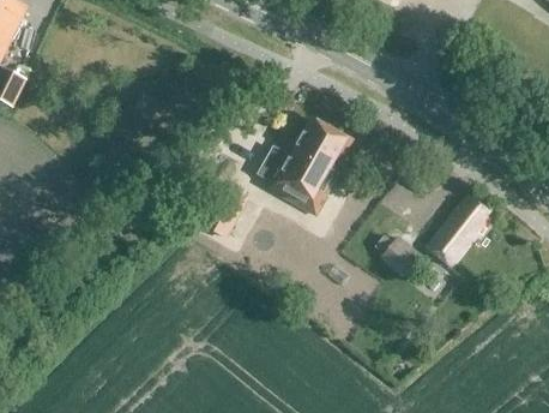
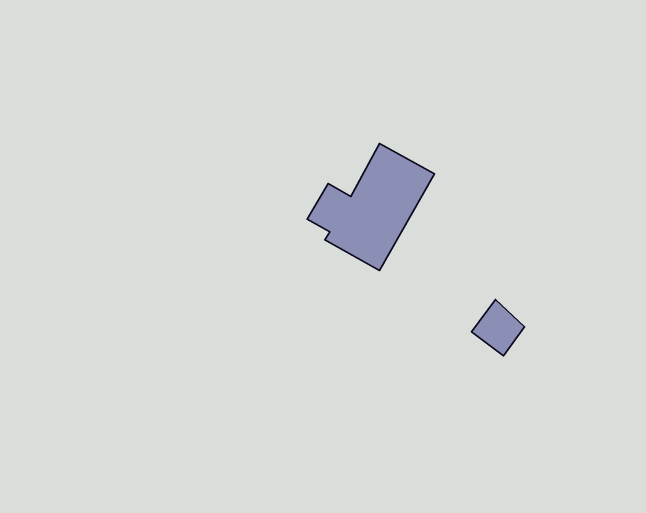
building: [427,194,491,265] -> none

